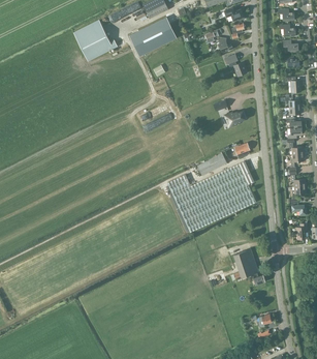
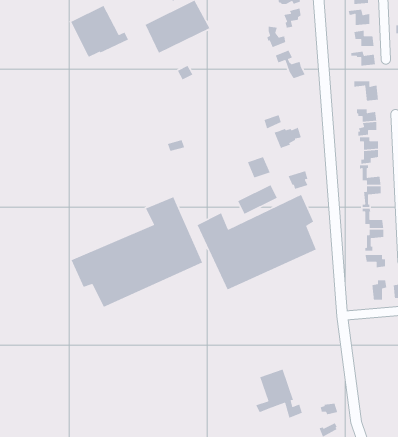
building: none -> [71,196,203,308]
building: [230,247,265,285] -> [255,368,303,419]

